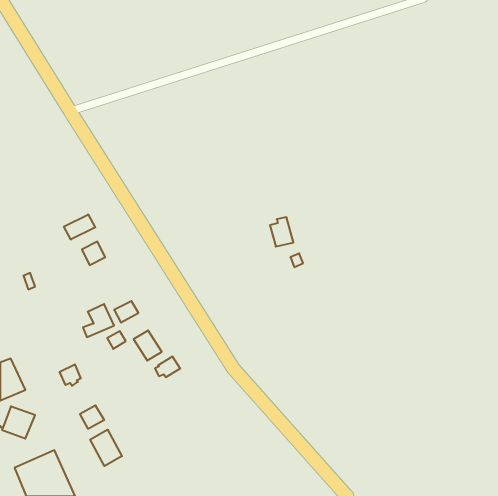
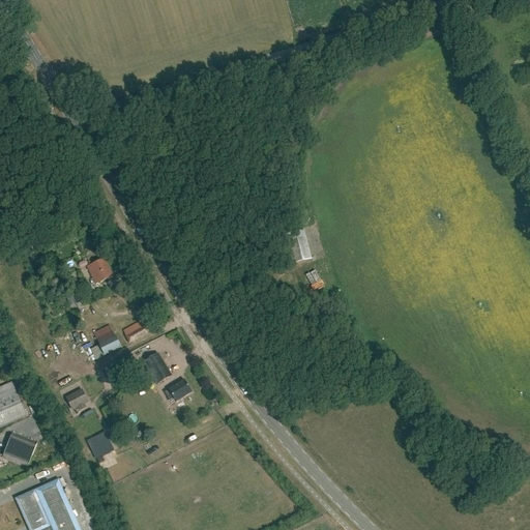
building: [64,214,95,240] -> none
building: [90,430,122,466] -> none

